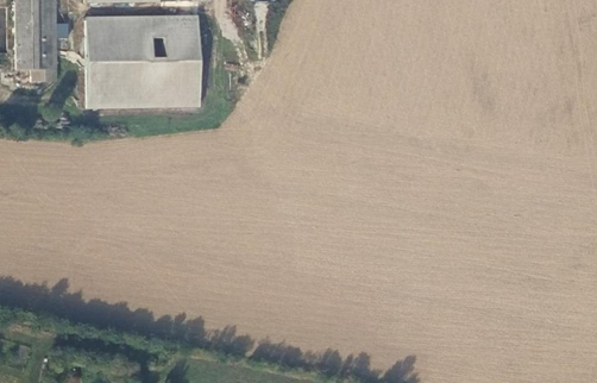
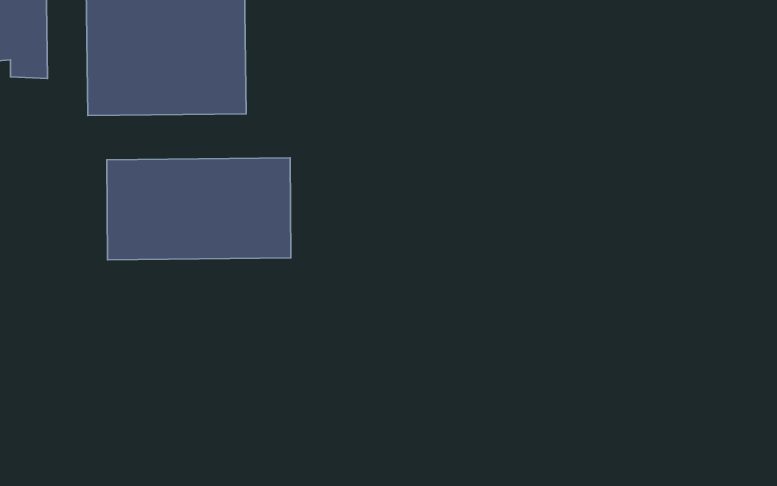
building: none -> [107,158,291,260]

